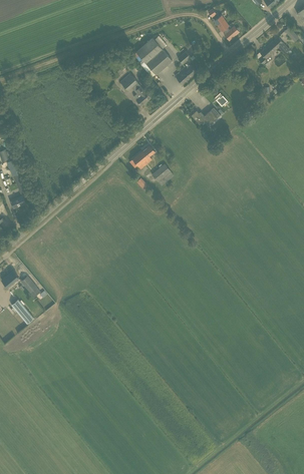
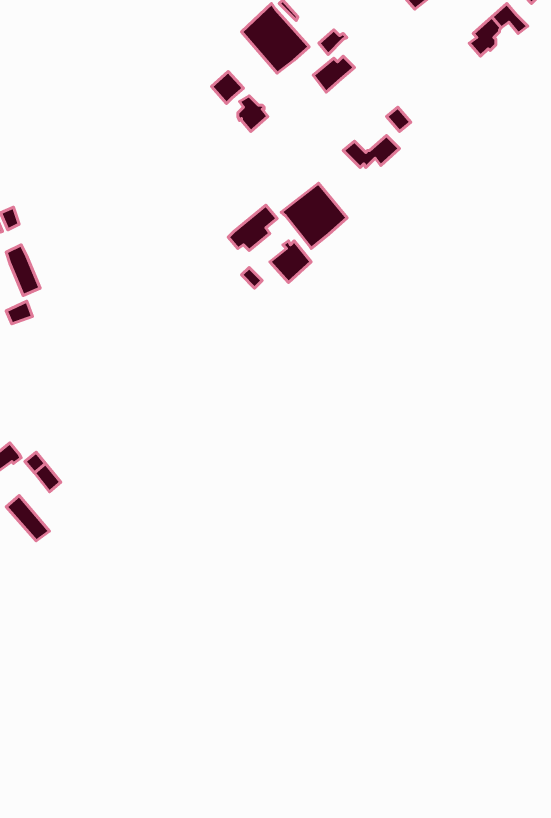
building: none -> [281,183,347,249]

